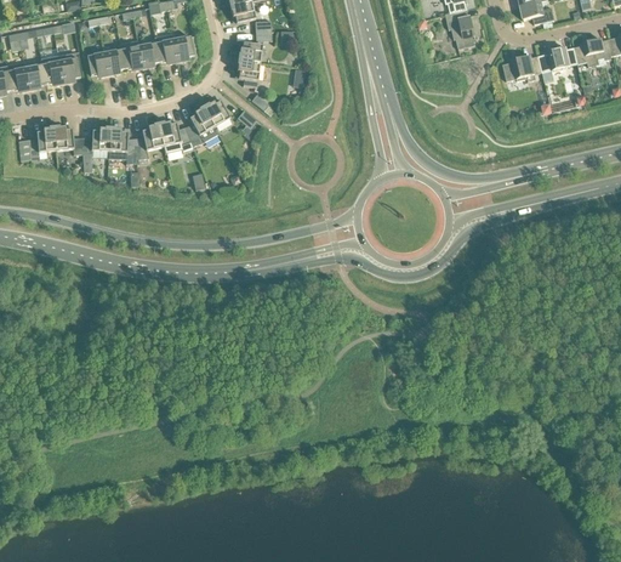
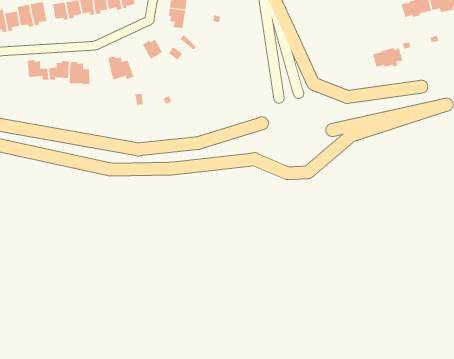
building: [502,55,542,80] -> [372,48,403,67]
building: [184,107,218,146] -> none
building: [135,124,163,158] -> none
building: [28,127,56,155] -> none

